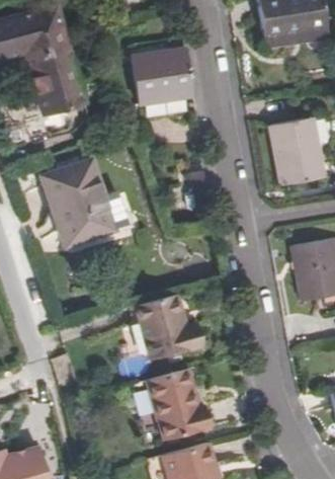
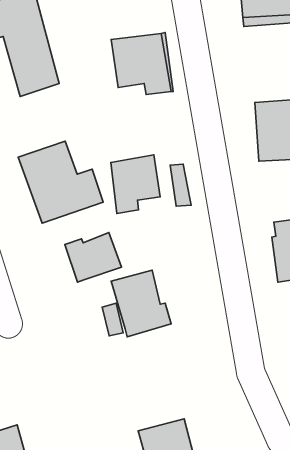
building: none -> [111,155,160,214]
building: none -> [65,233,121,282]
building: [145,369,211,438] -> none

